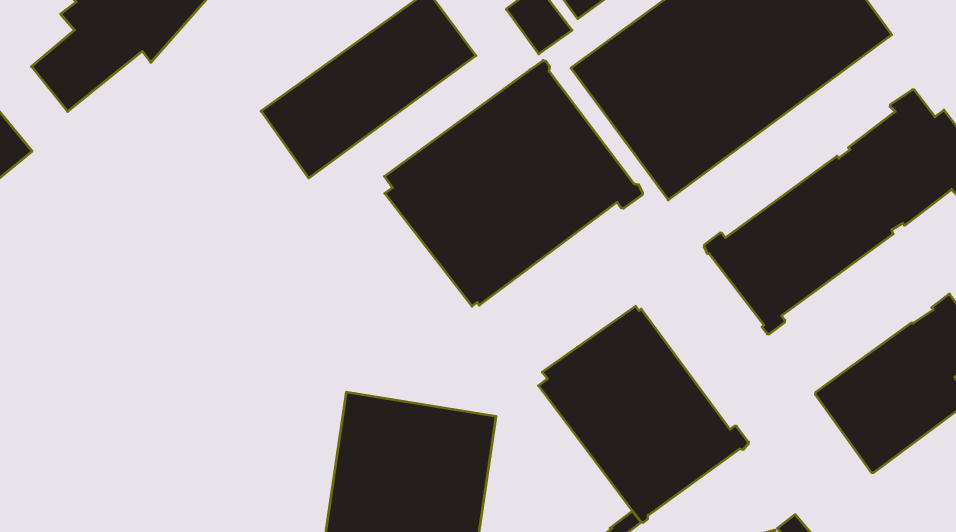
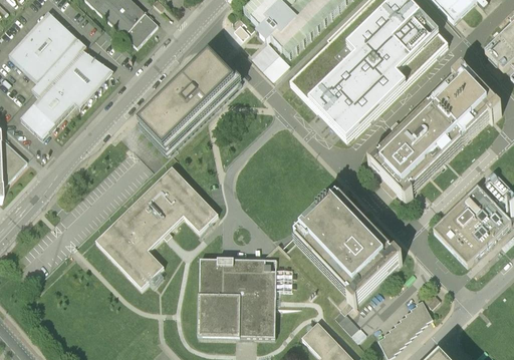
building: [384,60,642,306] -> none
building: none -> [95,166,218,288]

